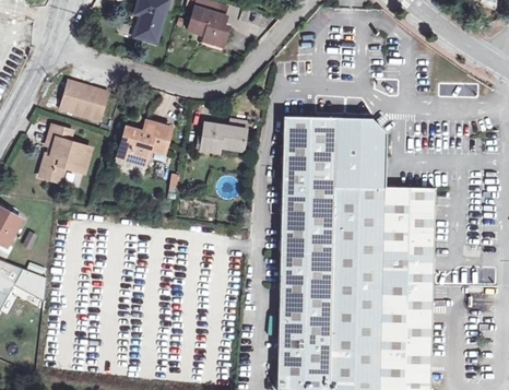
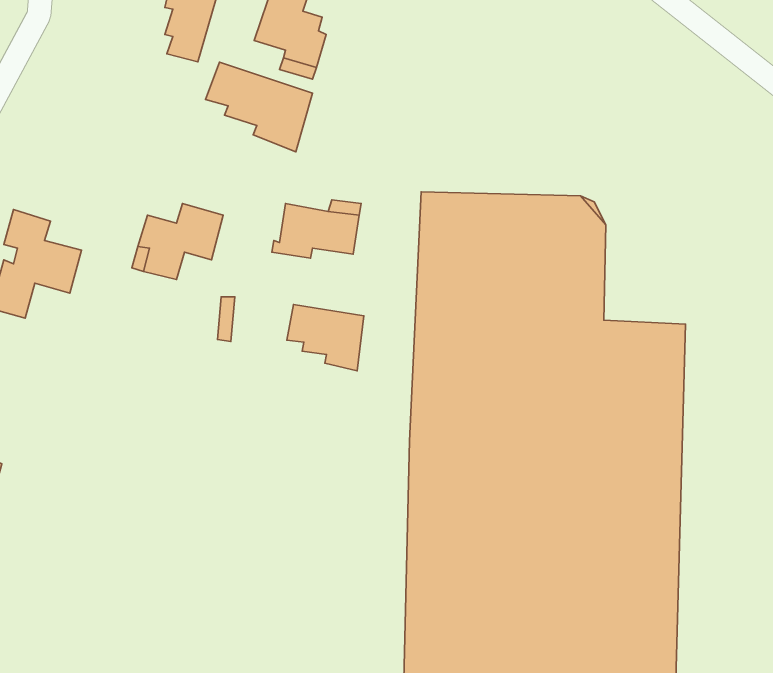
building: none -> [205,62,313,152]
building: [61,81,107,118] -> none
building: none -> [287,305,364,371]

